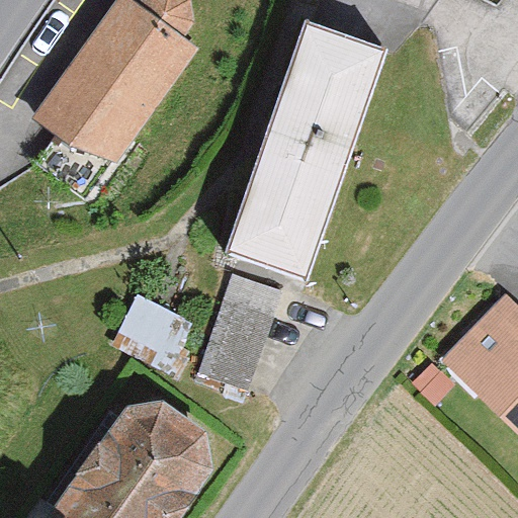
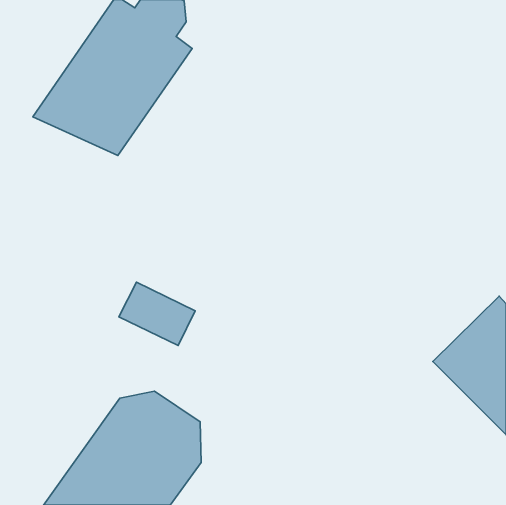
building: [231,27,381,274] -> none
building: [200,274,279,386] -> none

